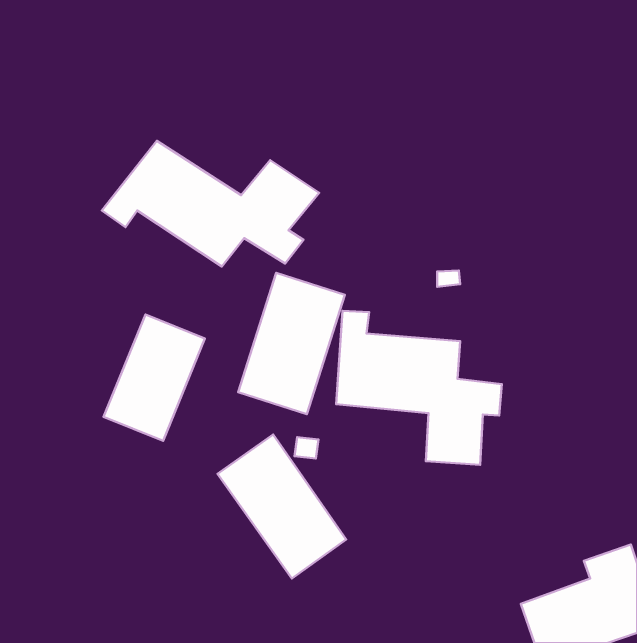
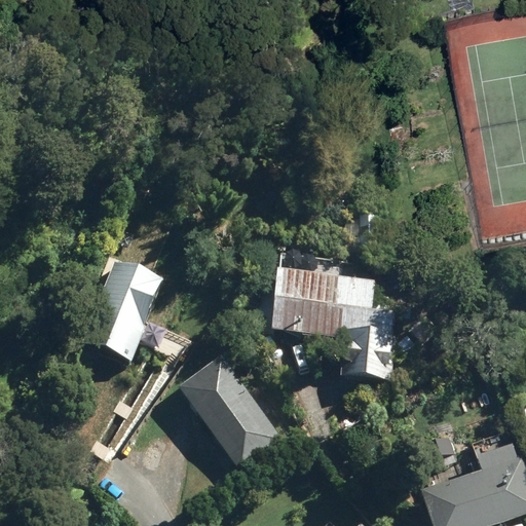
building: [102,141,319,266] -> none
building: [238,273,345,414] -> none

